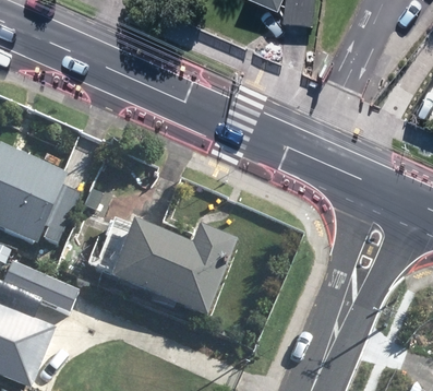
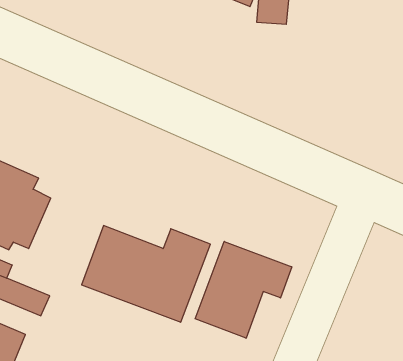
building: none -> [195,241,292,338]

